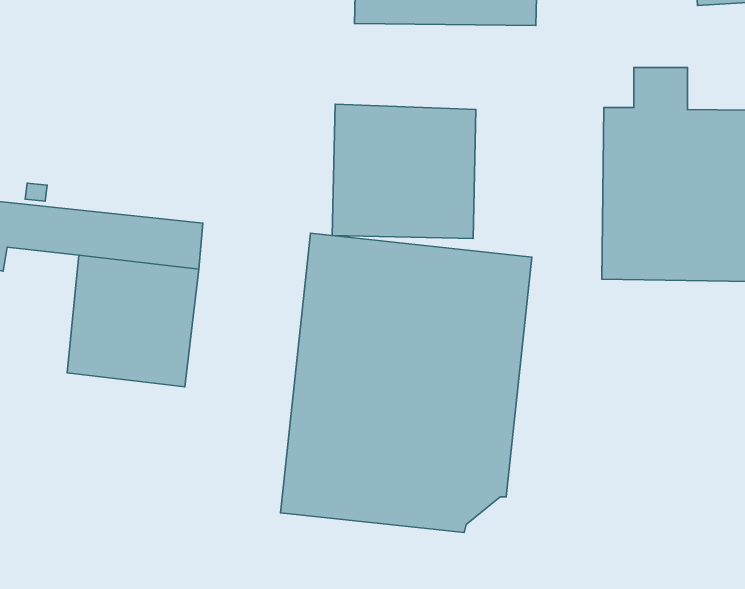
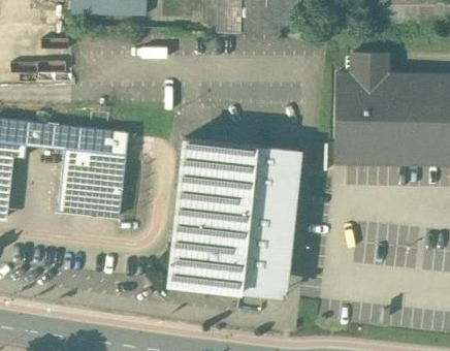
building: [332,104,476,239] -> none

